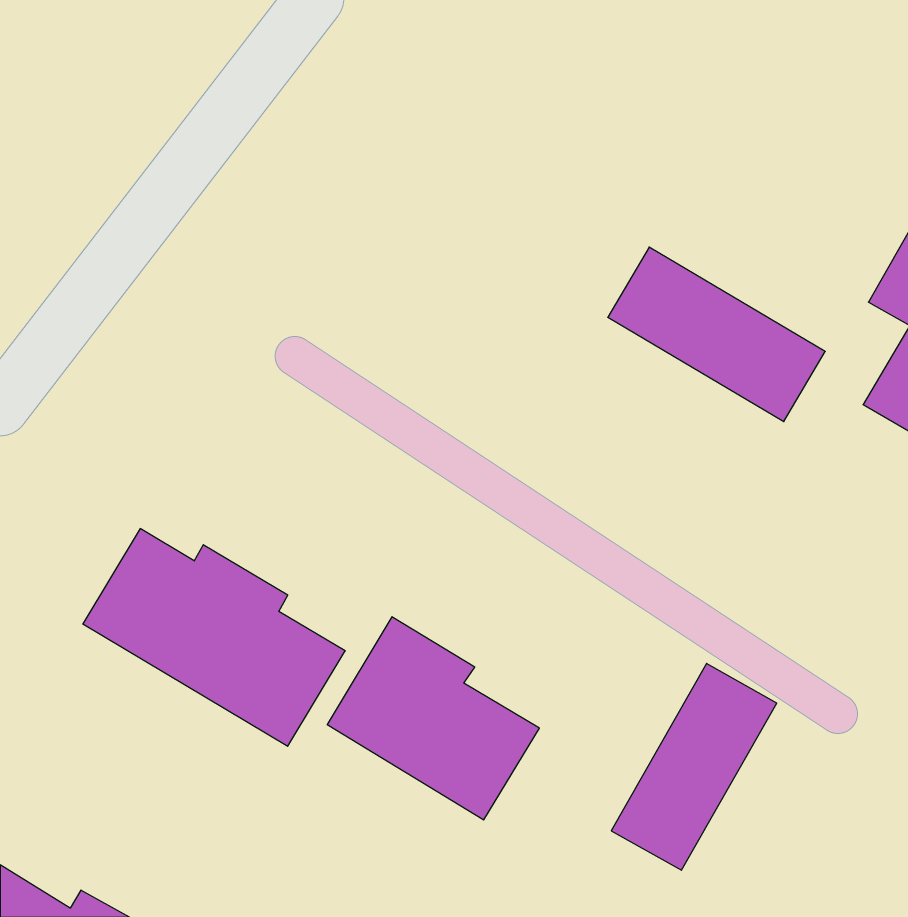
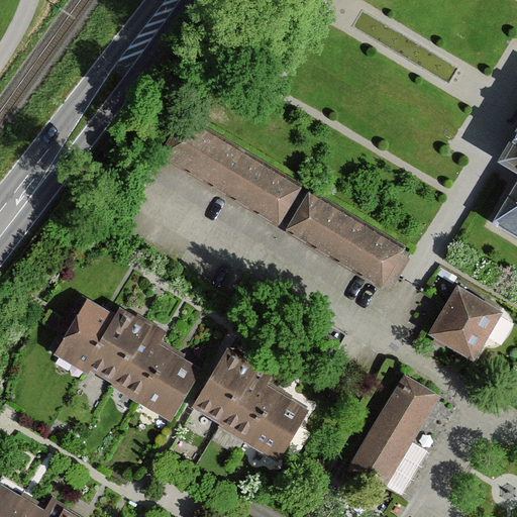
building: none -> [160,116,300,225]
building: [608,247,825,422] -> [284,190,406,288]
building: none -> [428,287,502,361]

